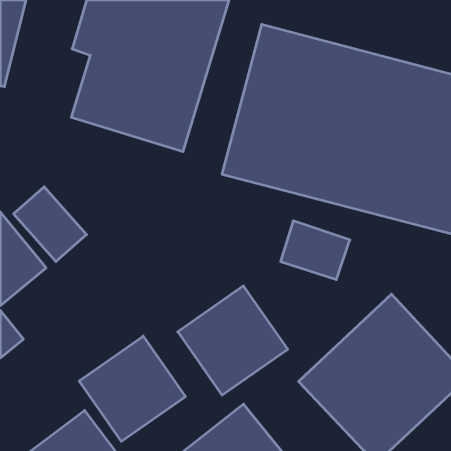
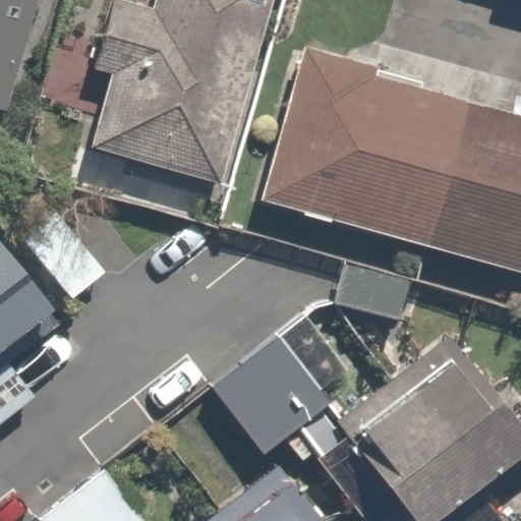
building: [79,336,185,441] -> none

